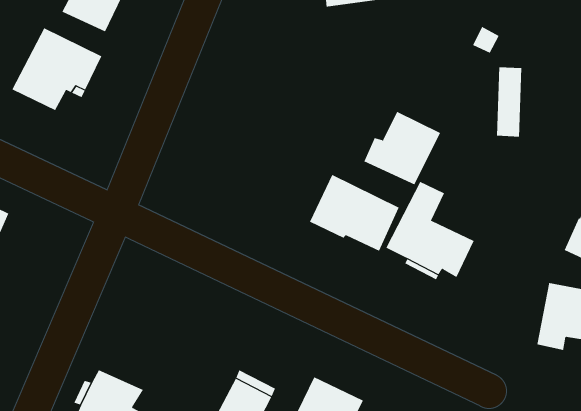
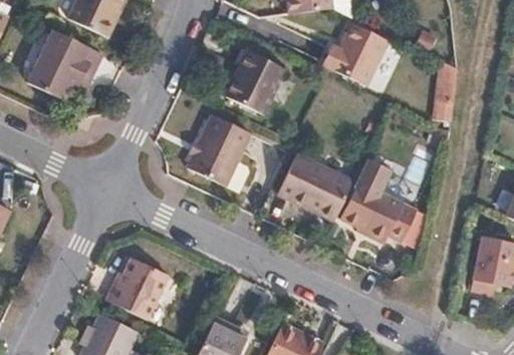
building: none -> [227,47,282,109]
building: [364,111,441,185] -> [323,22,389,84]
building: none -> [186,114,250,186]
building: none -> [109,251,172,312]

